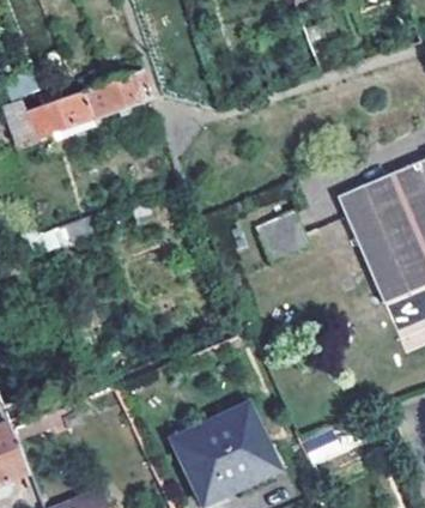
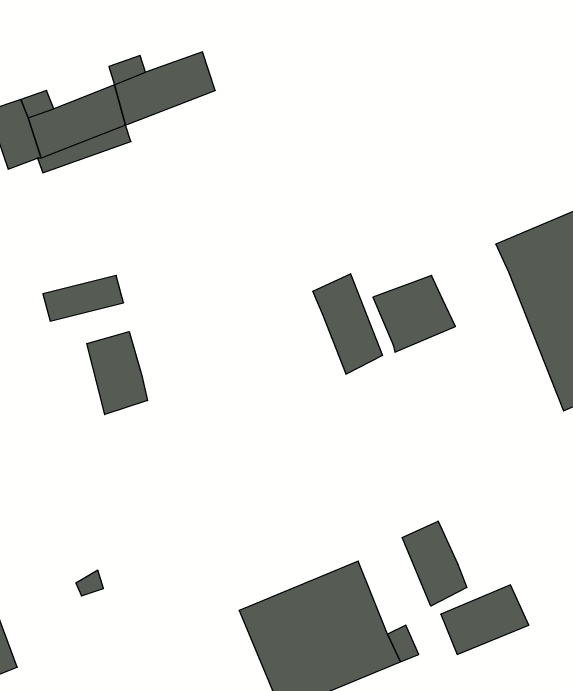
building: none -> [313,274,383,374]
building: none -> [87,332,147,415]
building: none -> [402,521,467,606]

